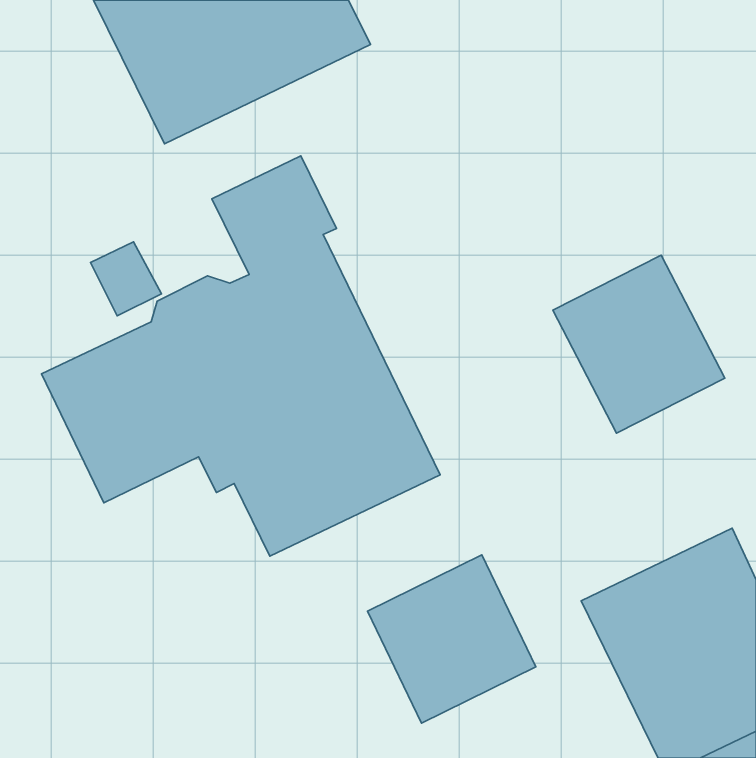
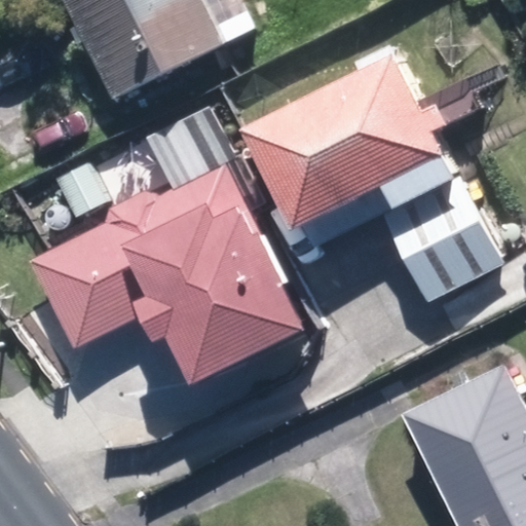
building: none -> [238,54,453,230]
building: [367,555,536,723] -> none

